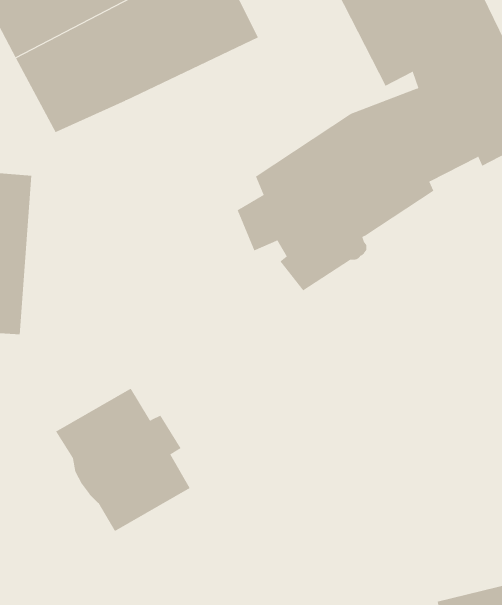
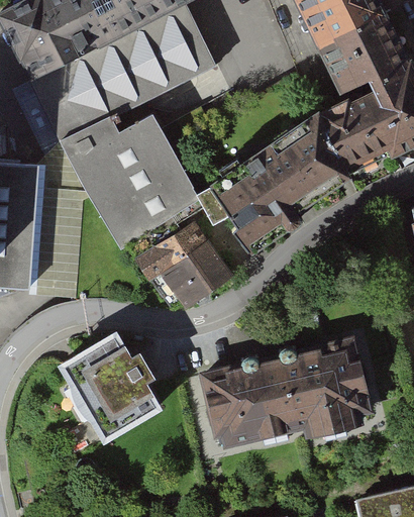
building: none -> [58,102,200,244]
building: none -> [135,222,235,311]
building: none -> [197,334,376,446]

